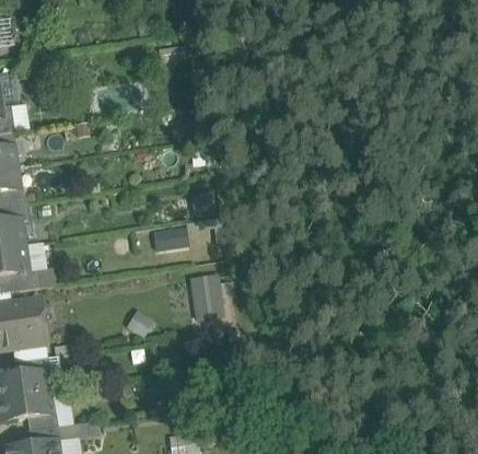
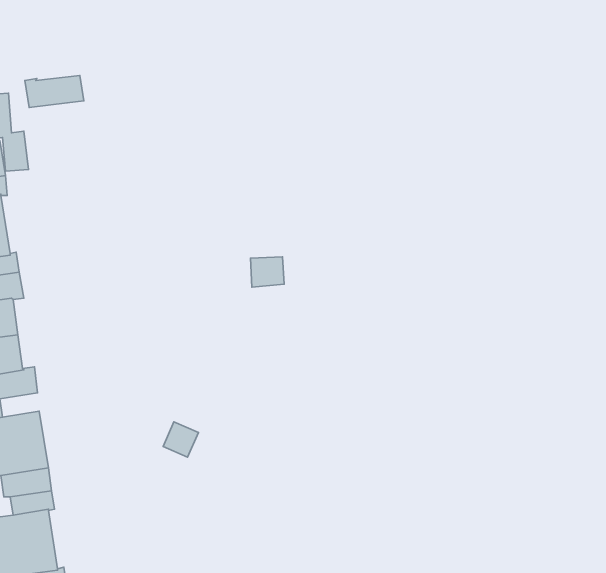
building: none -> [25,76,84,107]
building: [154,225,190,249] -> none
building: [191,277,223,319] -> none

